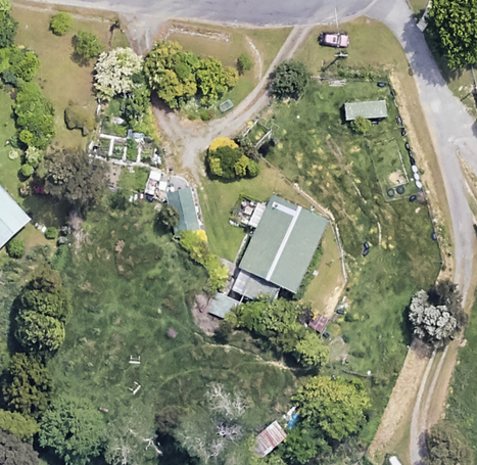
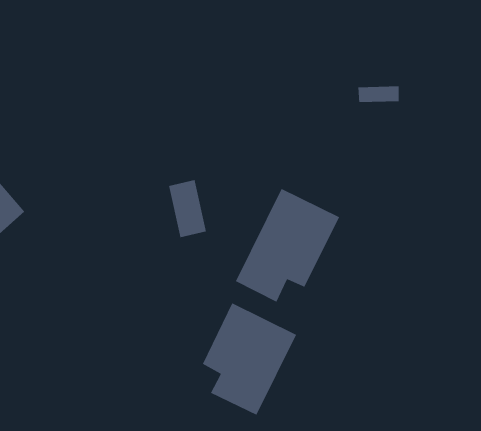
building: none -> [202,302,297,416]

